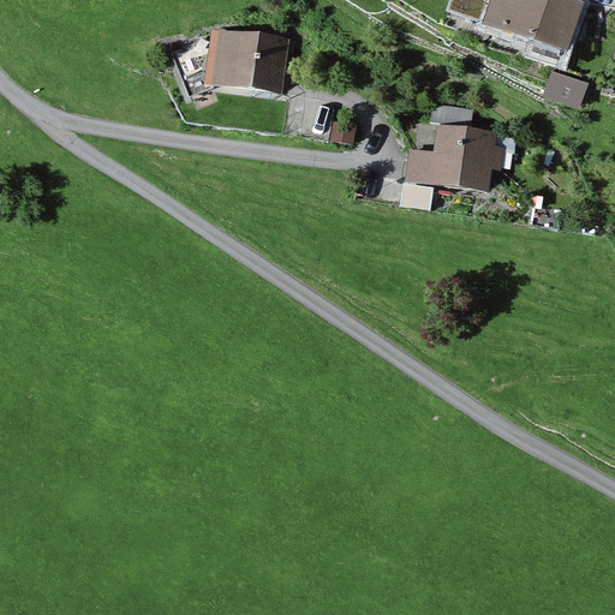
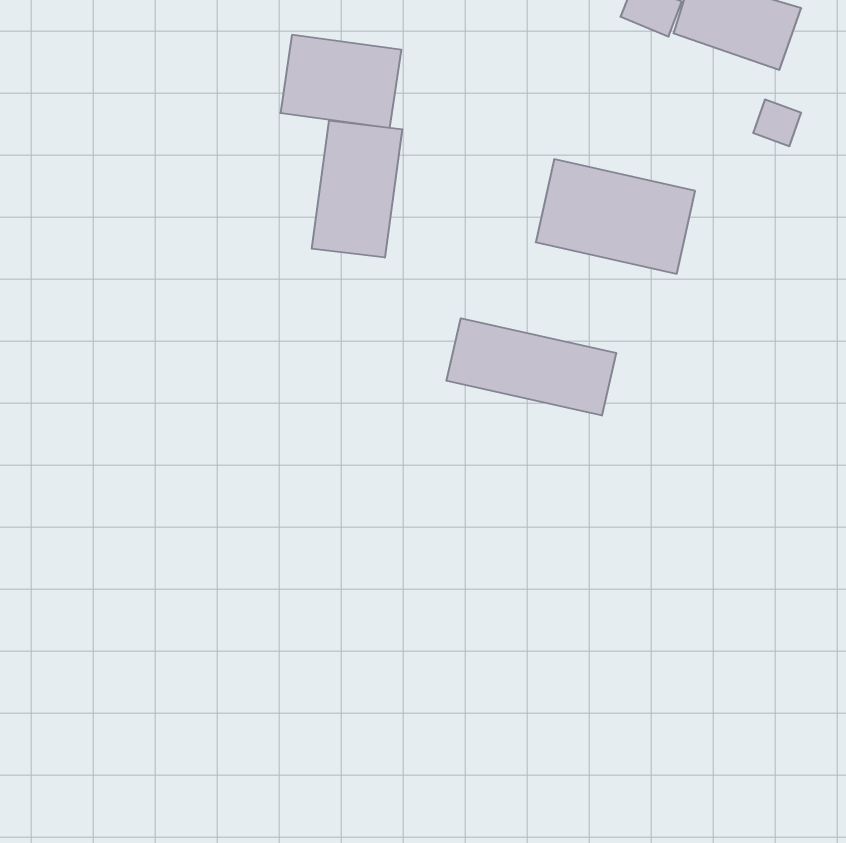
building: none -> [312,120,402,258]
building: none -> [446,318,616,416]

